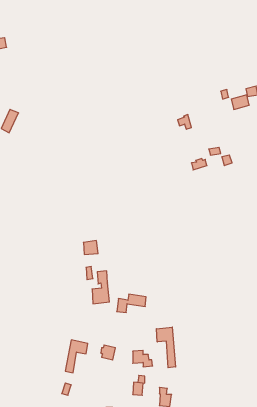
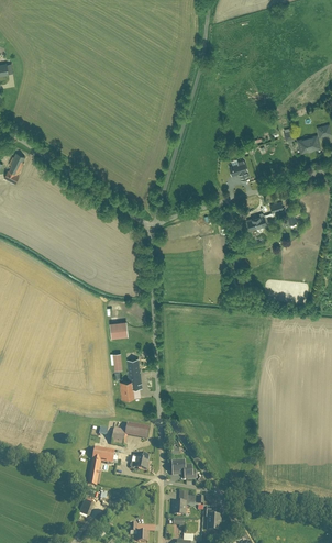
building: [117,294,146,312] -> [112,423,150,446]
building: [156,327,176,368] -> none

